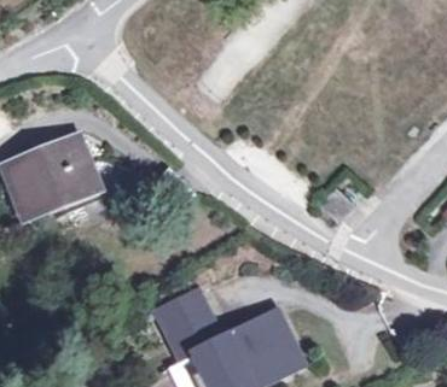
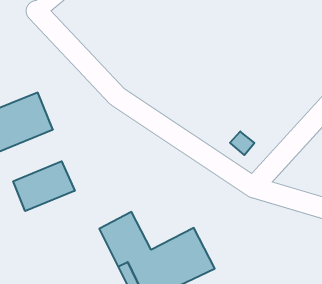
building: none -> [13,161,75,211]

